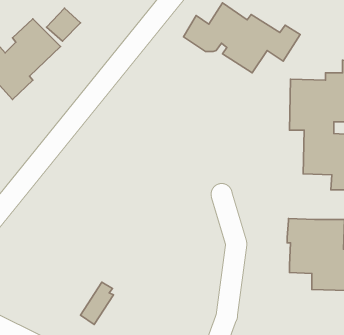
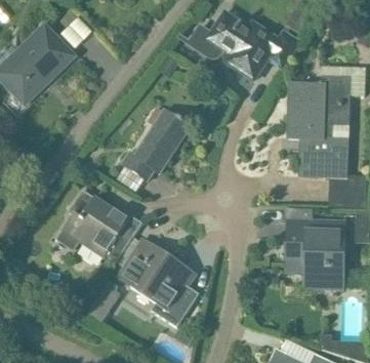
building: none -> [121,110,190,180]
building: none -> [55,190,141,263]
building: none -> [118,239,198,326]

